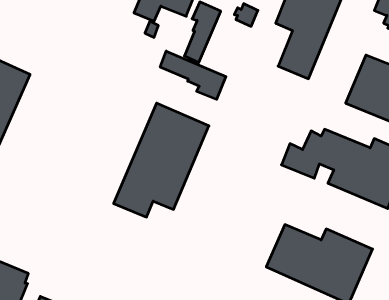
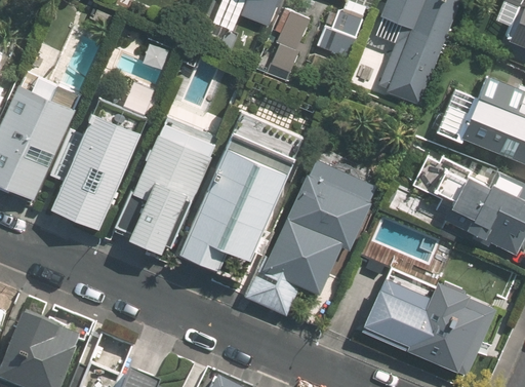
building: [160,51,226,99] -> none
building: none -> [51,110,143,220]
building: none -> [114,125,214,254]
building: none -> [245,153,379,314]

